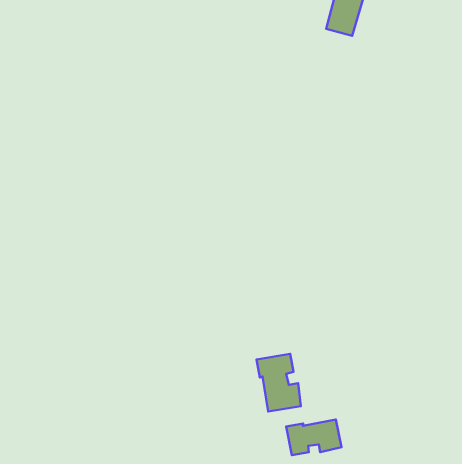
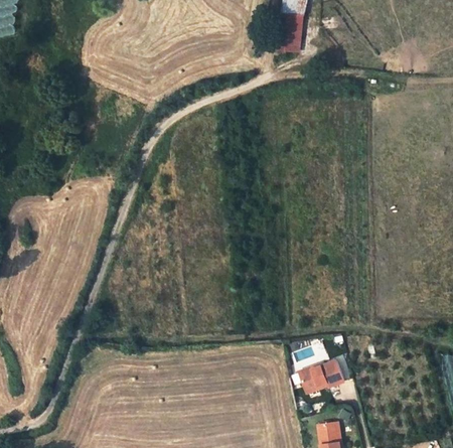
building: [256,354,301,411] -> none

